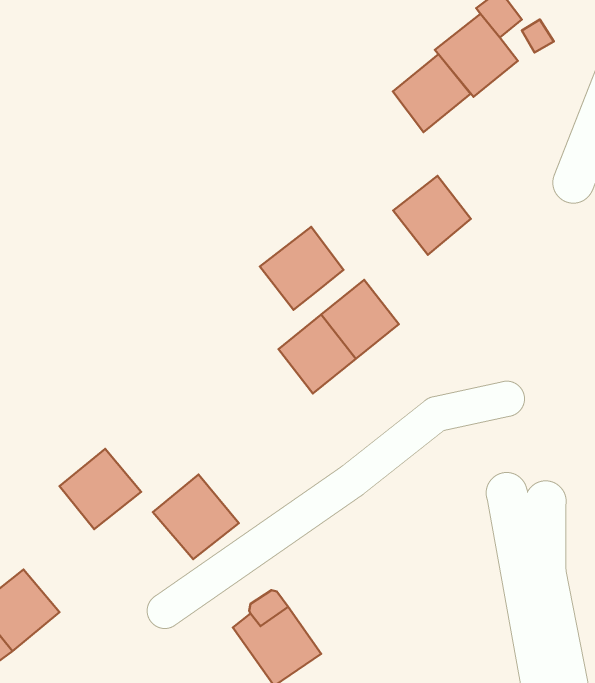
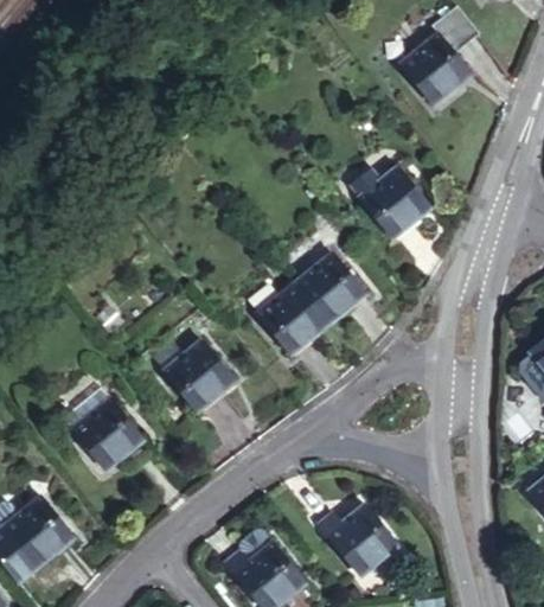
building: [393,54,471,132] -> none
building: [260,227,344,310] -> none
building: [153,475,239,559] -> [162,340,236,413]
building: none -> [329,505,404,570]

